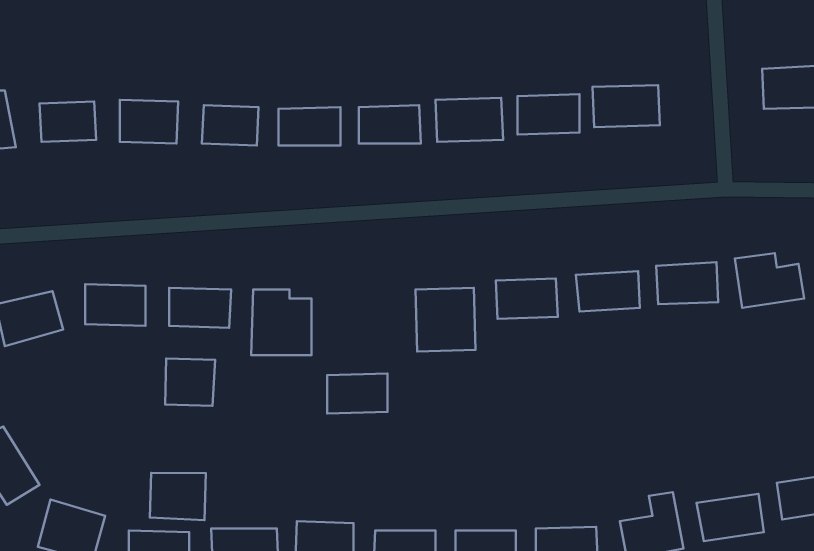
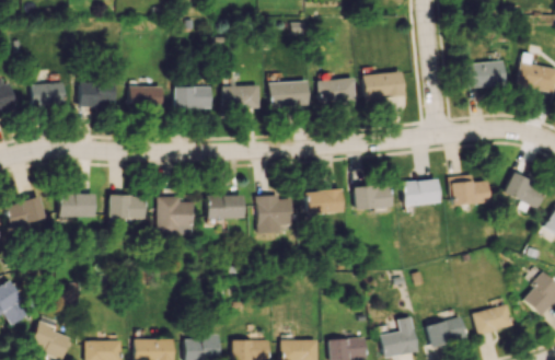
building: [165,359,215,406] -> none
building: [327,373,387,414] -> [208,195,244,219]
building: [150,473,206,520] -> none

